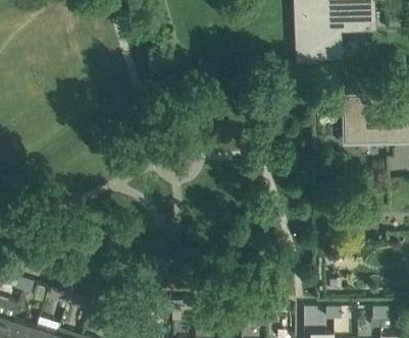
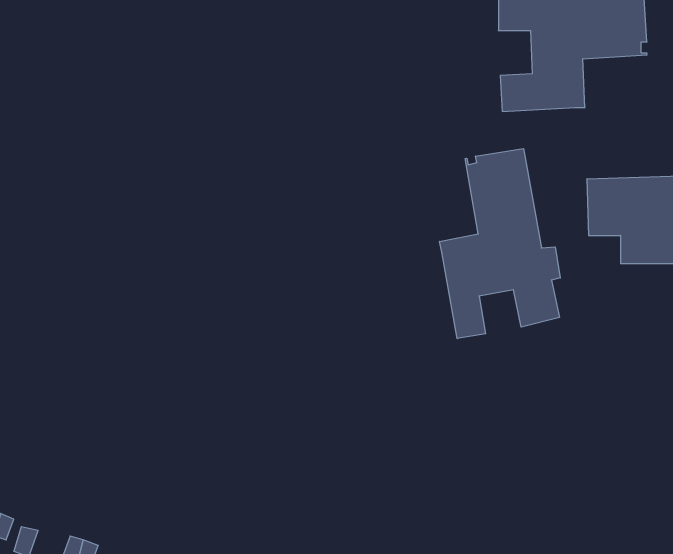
building: none -> [440,149,560,339]

